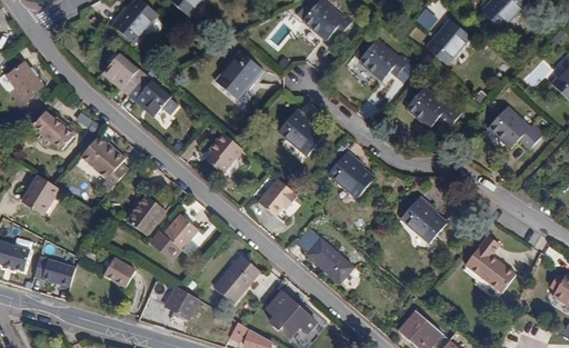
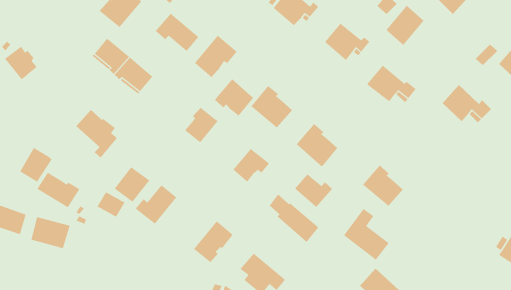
building: none -> [155,13,199,52]
building: none -> [214,79,254,116]
building: [33,115,74,151] -> none
building: none -> [36,172,80,208]
building: none -> [294,173,333,208]
building: [466,233,517,291] -> [343,208,389,260]
building: [104,259,137,288] -> [96,191,126,217]
building: [164,288,200,321] -> none

